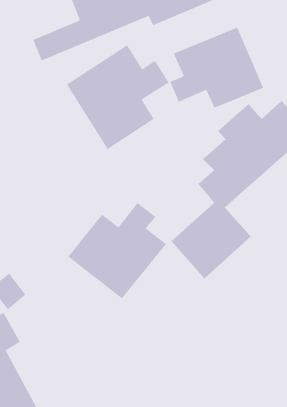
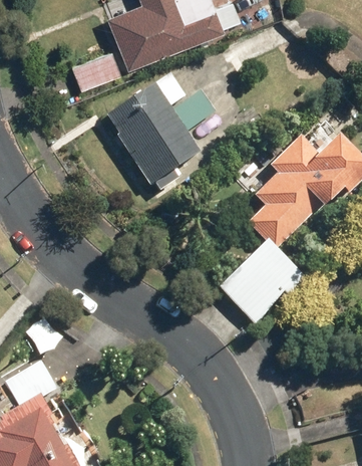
building: [169,27,264,109] -> none
building: [68,202,167,299] -> none

